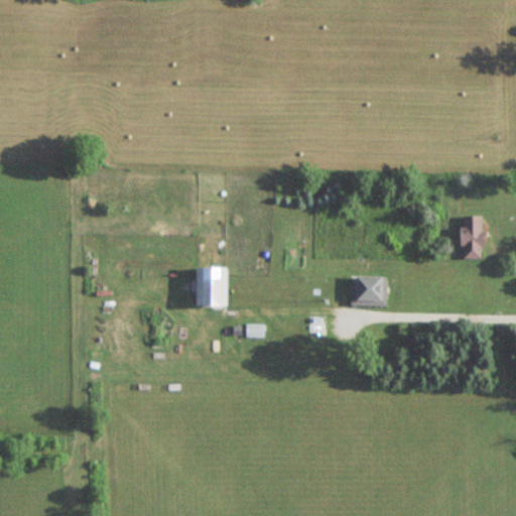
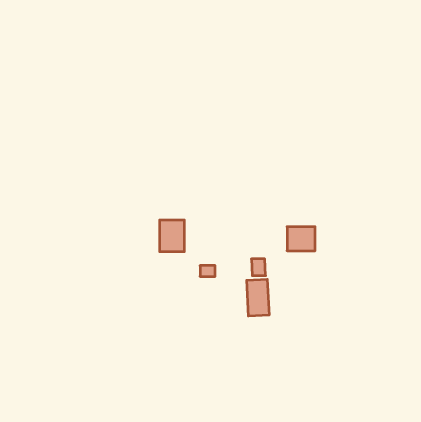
building: [462,215,483,257] -> none
building: none -> [247,279,269,316]

